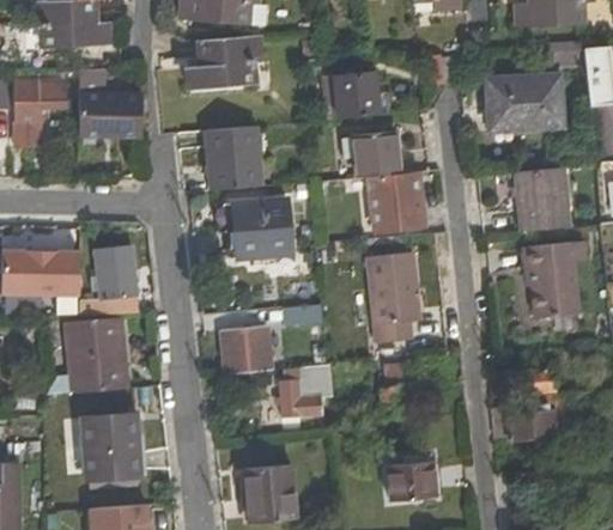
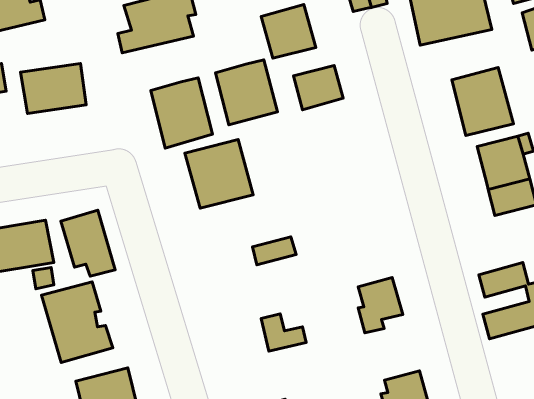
building: [369,171,425,231] -> [215,60,277,125]
building: [370,251,423,342] -> none
building: [220,327,273,376] -> none

